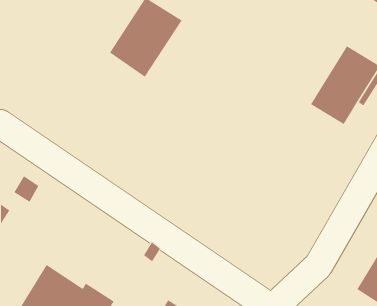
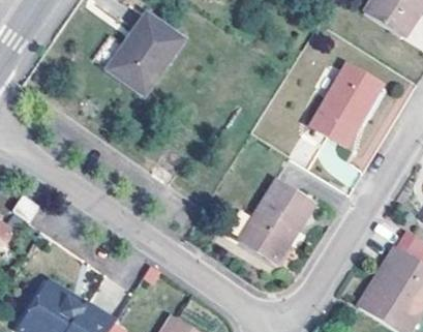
building: none -> [241,179,313,260]

